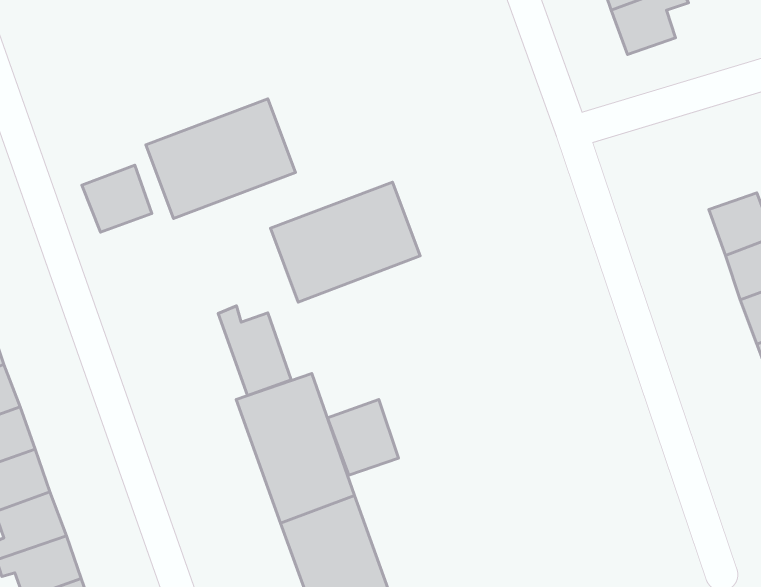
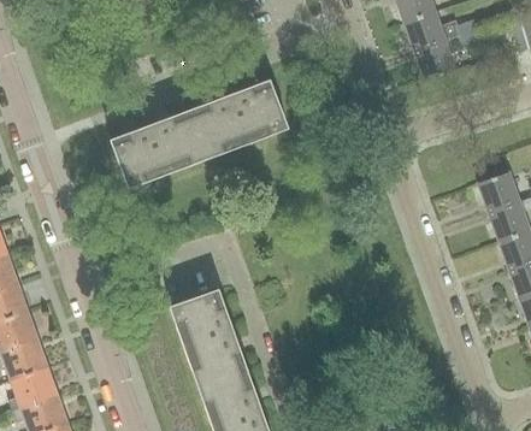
building: [82,165,152,232] -> none
building: [271,182,420,302] -> [189,79,287,158]
building: [218,306,291,396] -> none
building: [327,399,399,475] -> none

